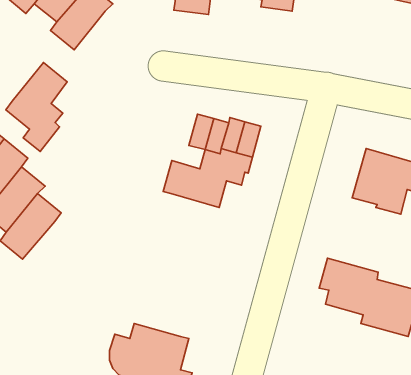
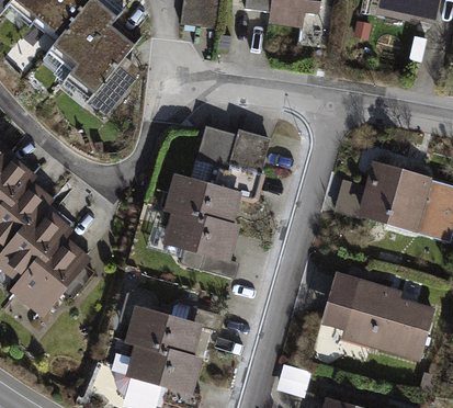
building: [6,63,67,152] -> [71,23,134,114]
building: none -> [168,209,235,276]
building: none -> [19,238,93,305]
building: none -> [118,288,220,355]

